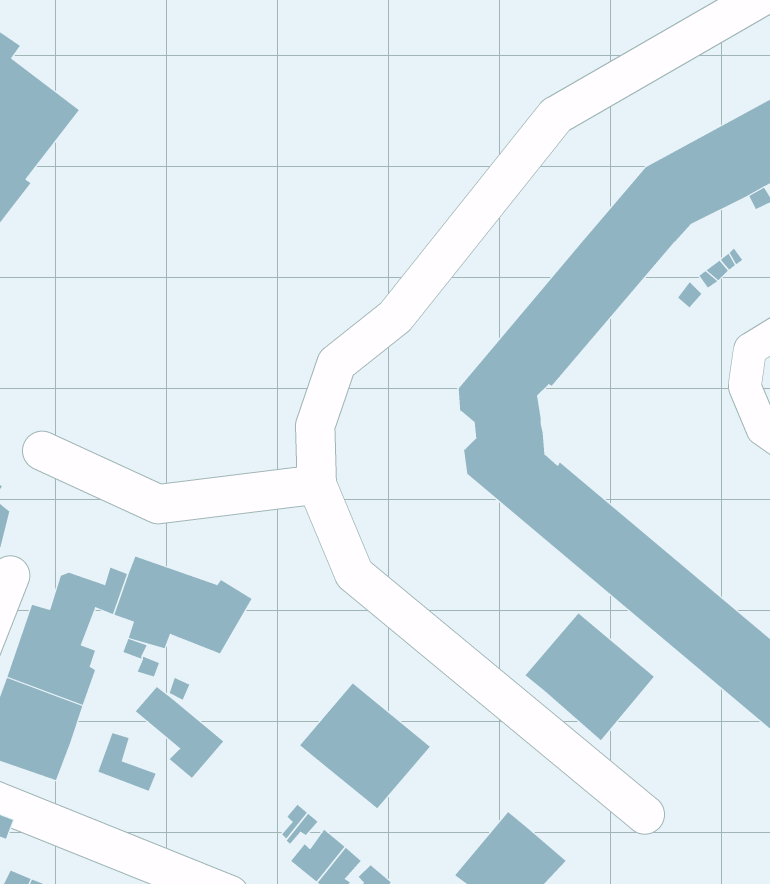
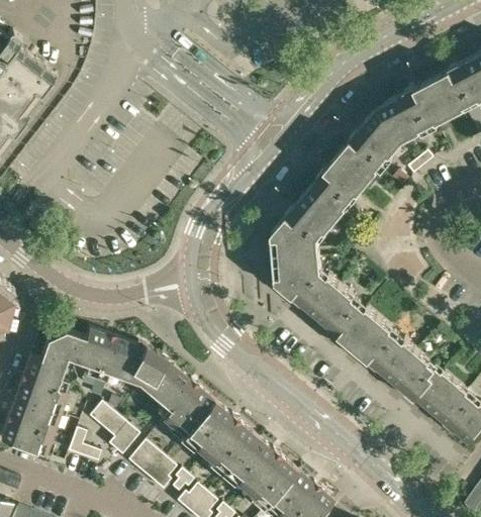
building: none -> [135,353,210,436]
building: [525,613,655,741] -> [224,437,298,510]
building: none -> [125,440,174,490]

